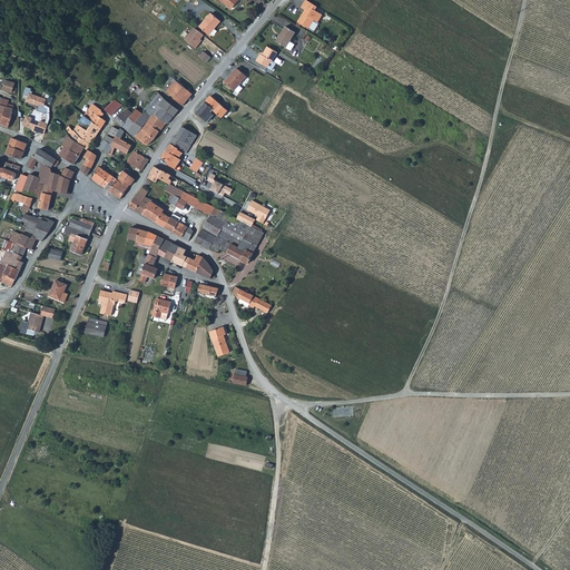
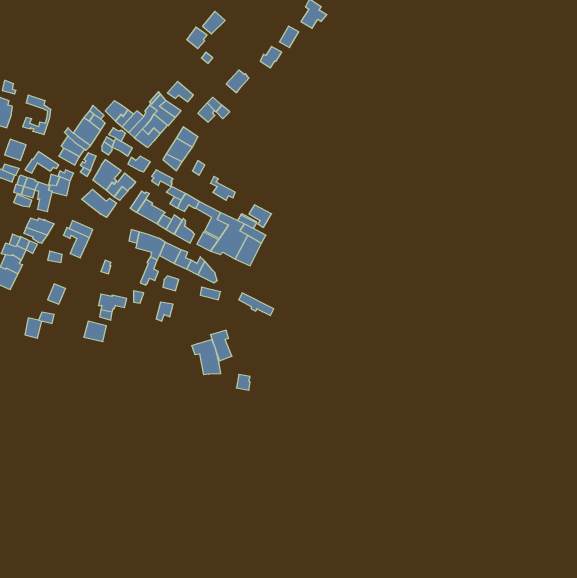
building: none -> [82,189,116,217]
building: none -> [192,340,221,375]

